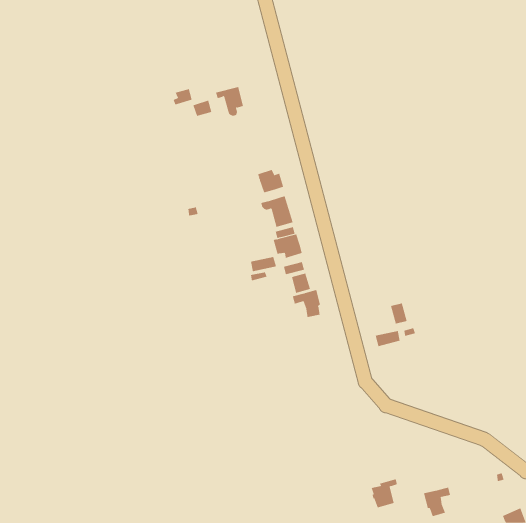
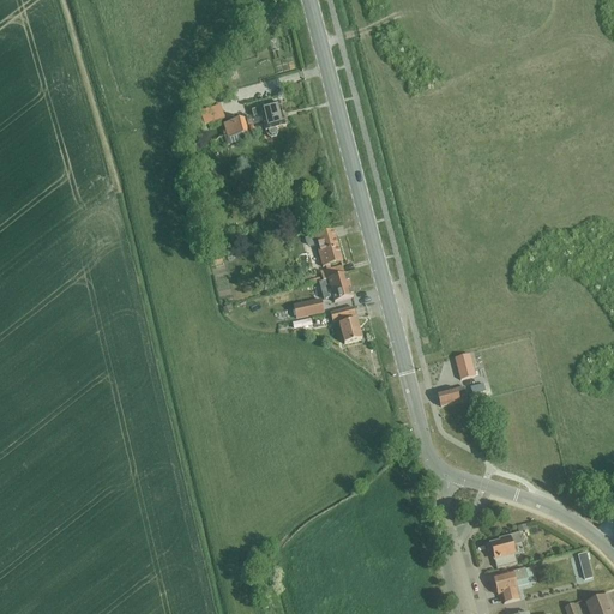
building: [257,169,284,193] -> none
building: [292,289,320,318] -> none
building: [371,478,398,508] -> [489,531,520,566]

